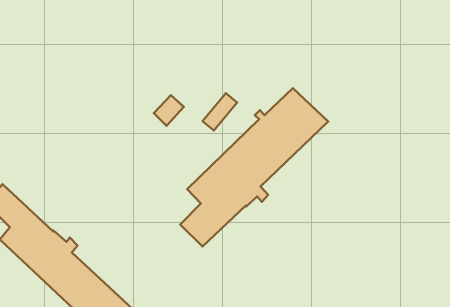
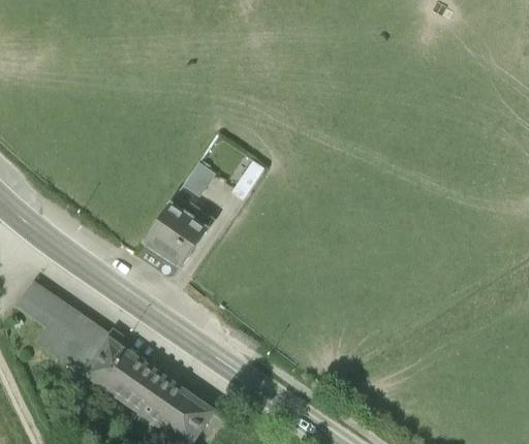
building: [180,88,328,247] -> none
building: none -> [143,198,213,267]

